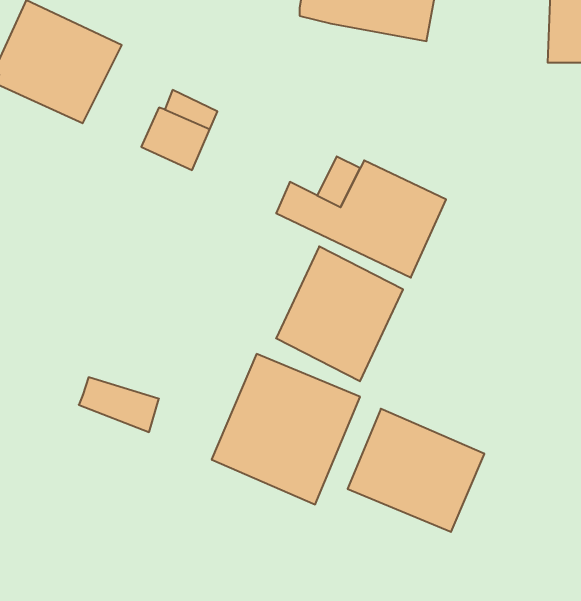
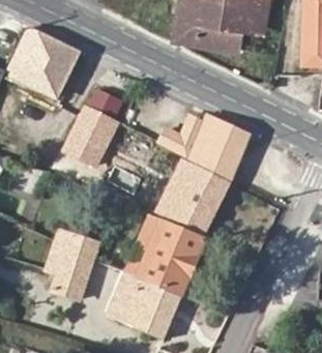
building: none -> [67,109,115,164]
building: none -> [48,245,92,299]
building: [348,409,484,532] -> [108,274,180,340]

